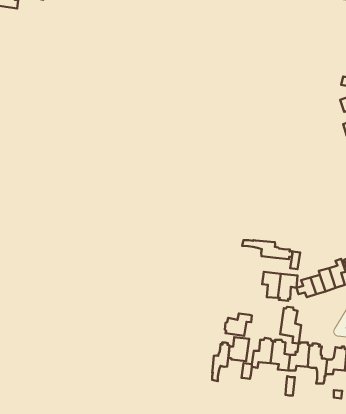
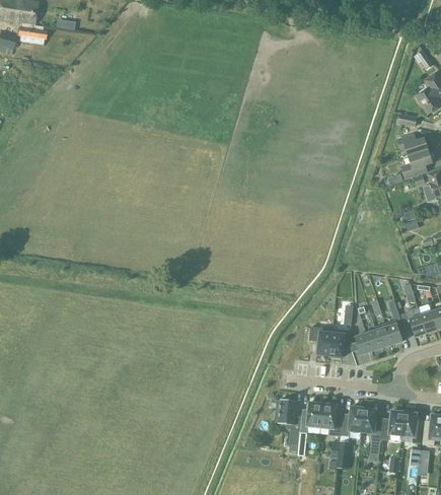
building: [242,240,292,259] -> none
building: [280,307,301,344] -> none
building: [225,313,252,336] -> none
building: [212,342,230,381] -> none

